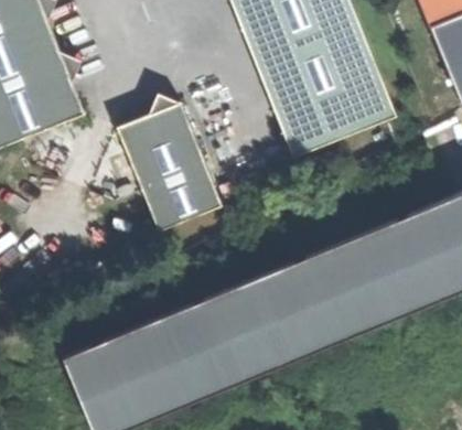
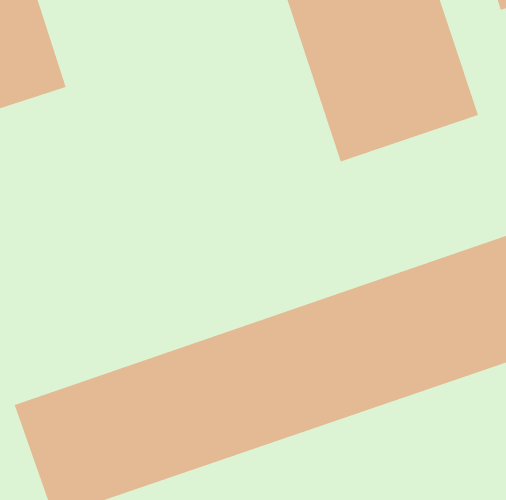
building: [119,104,223,233] -> none

